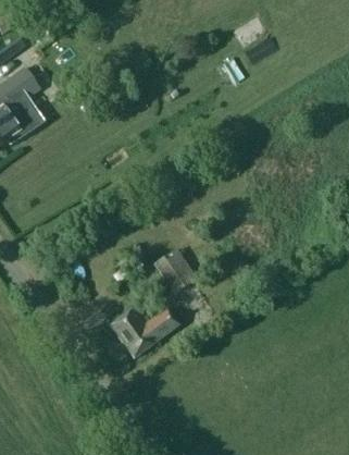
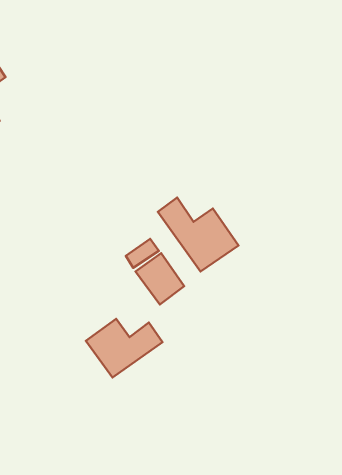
building: none -> [158,198,238,271]

